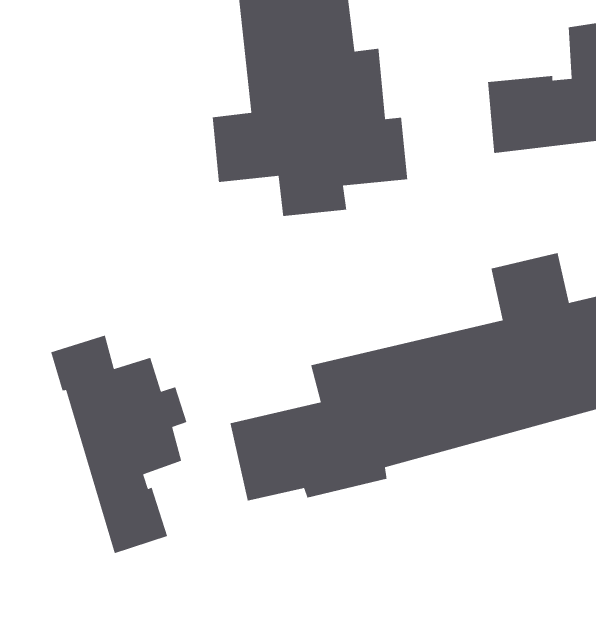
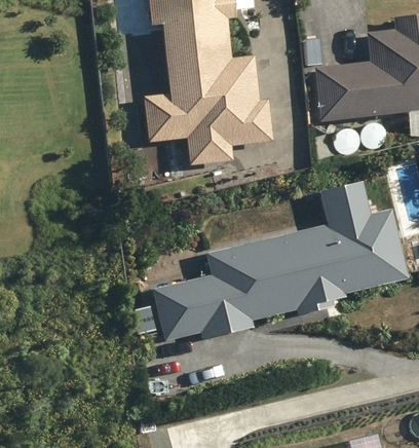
building: [50,335,187,554] -> none

